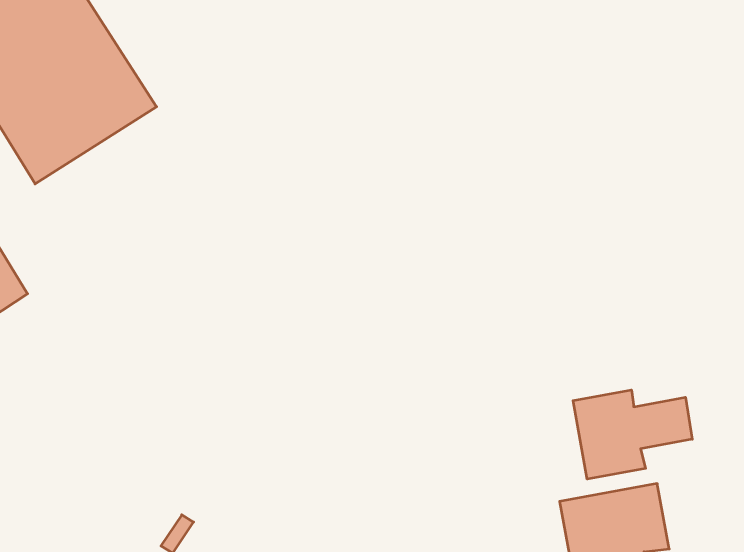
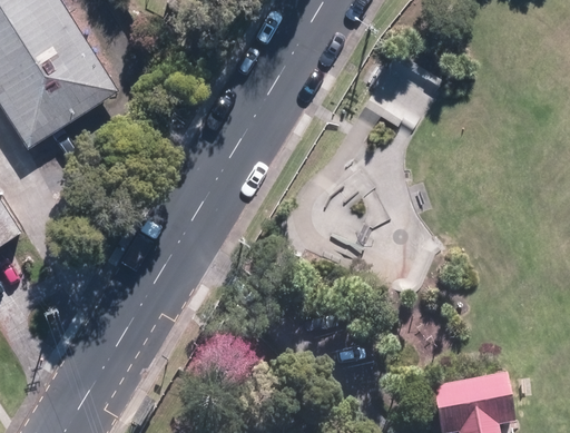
building: [573,390,692,479] -> none

